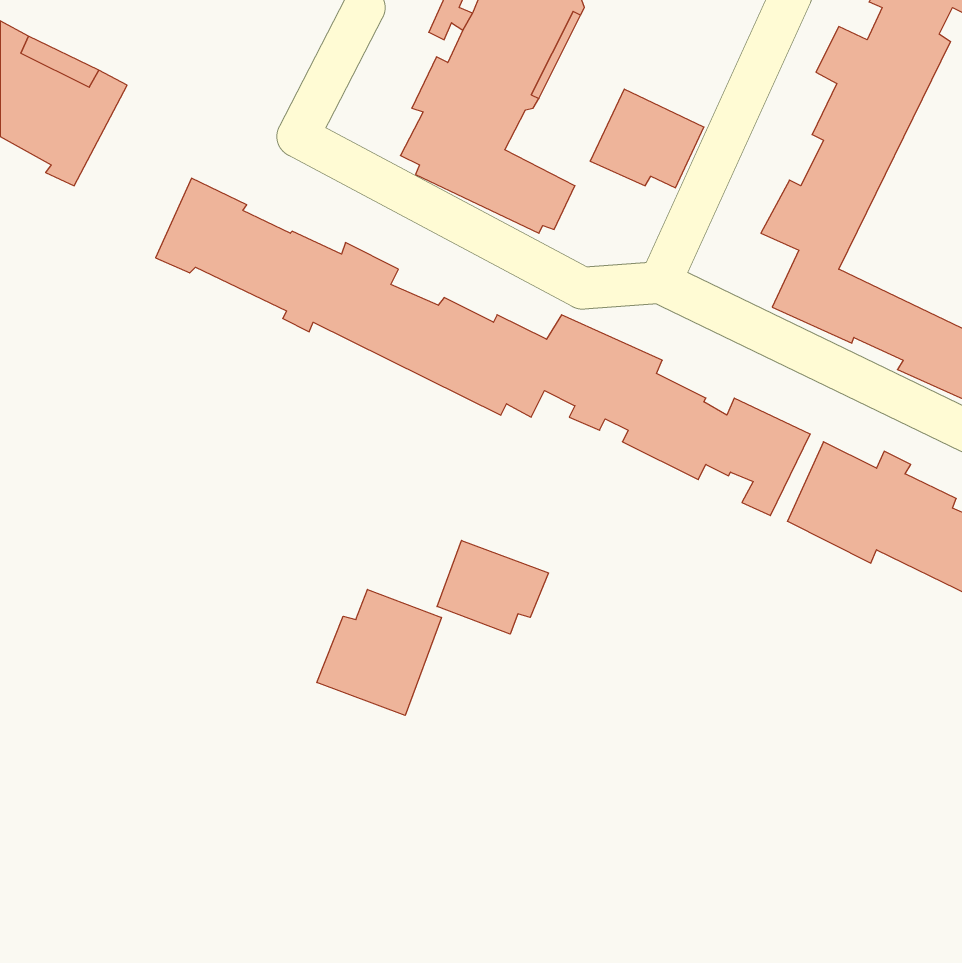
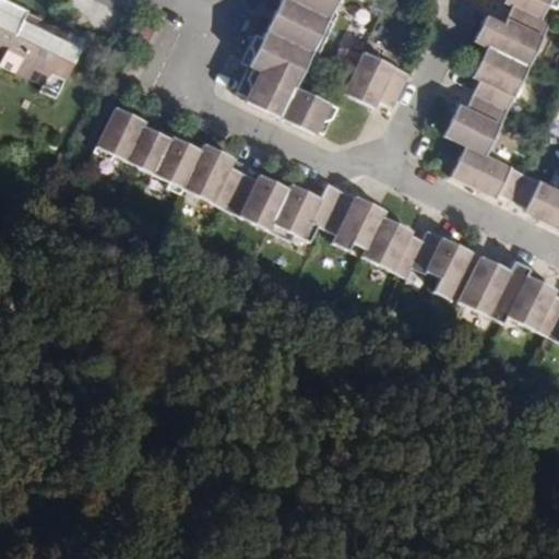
building: [437,540,548,634] -> none
building: [317,589,441,715] -> none

